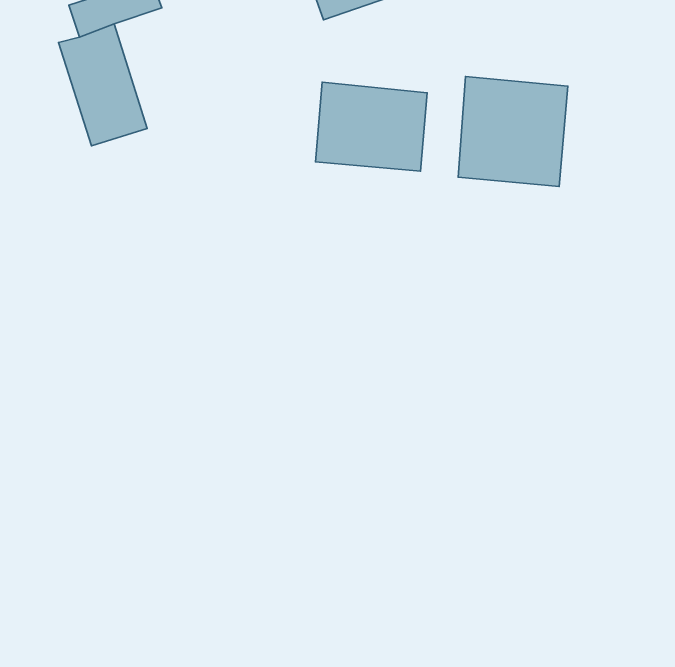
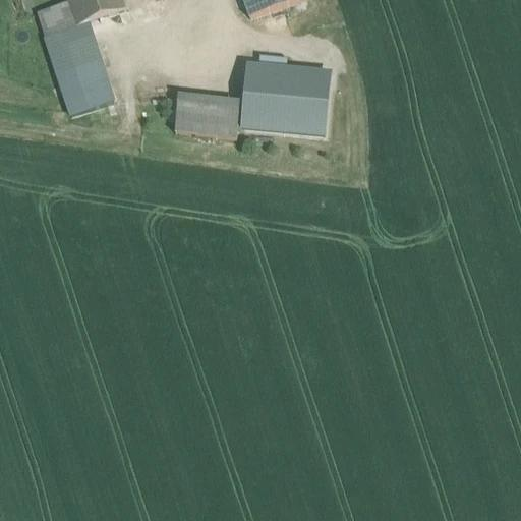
building: [458,77,568,186] -> none
building: none -> [174,93,238,135]

